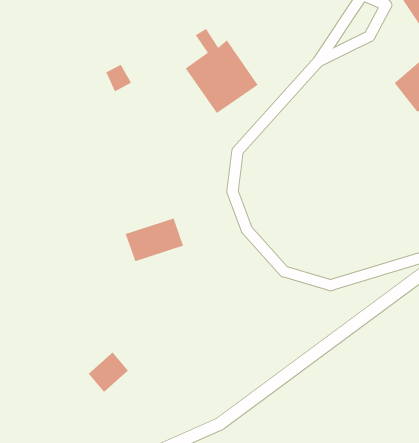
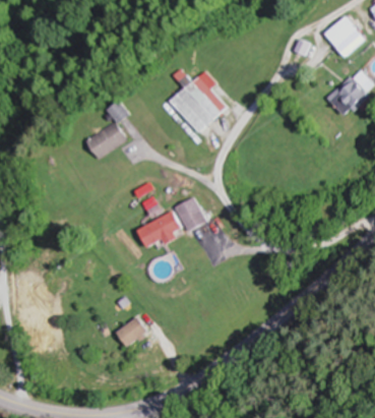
building: none -> [86,121,126,159]
building: none -> [172,197,202,232]

